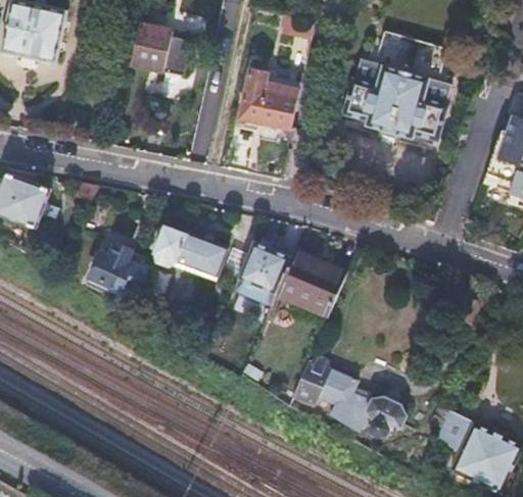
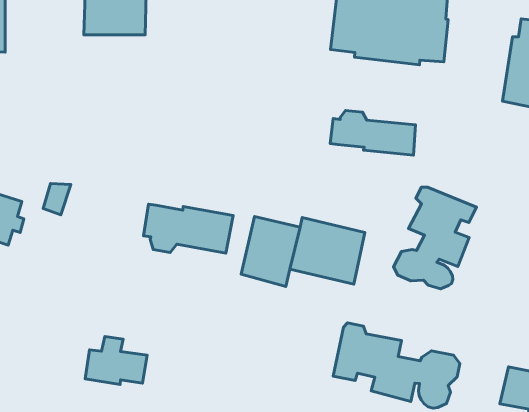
building: [239,68,300,133] -> none
building: none -> [330,110,416,155]
building: [93,242,150,288] -> [85,337,147,385]
building: none -> [394,187,477,289]

